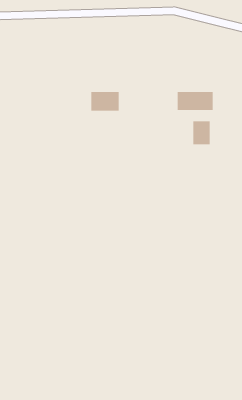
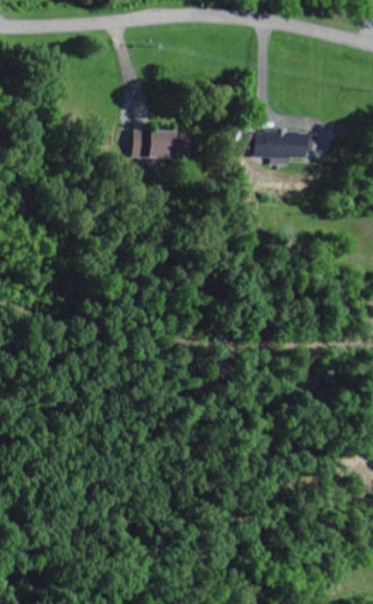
building: [193,121,210,145] -> none

